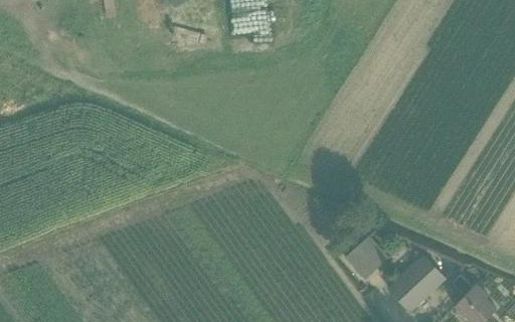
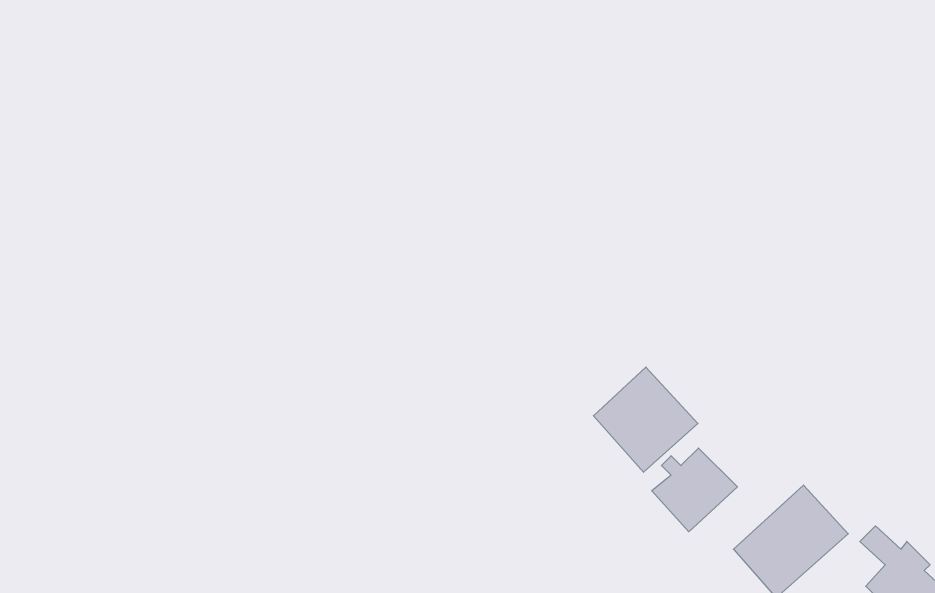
building: none -> [593,367,698,472]

